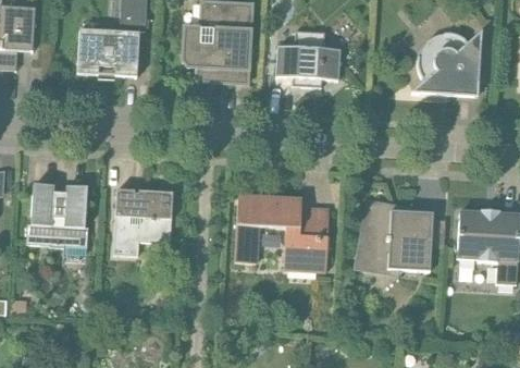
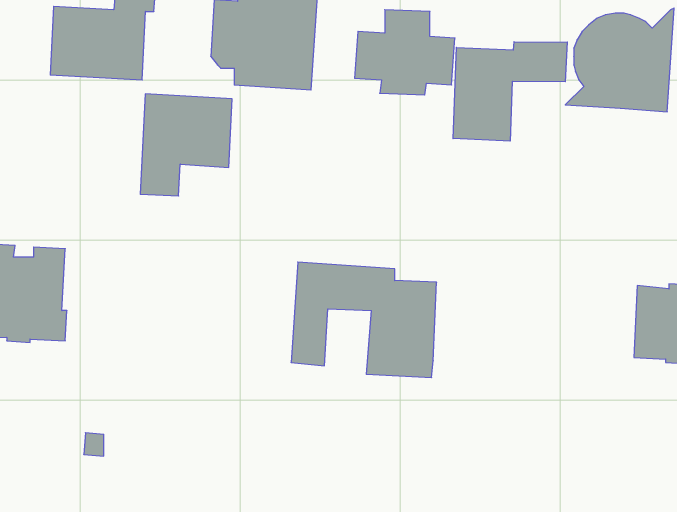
building: none -> [453,42,567,141]
building: [113,188,173,255] -> [140,94,232,196]
building: [357,203,435,270] -> none

